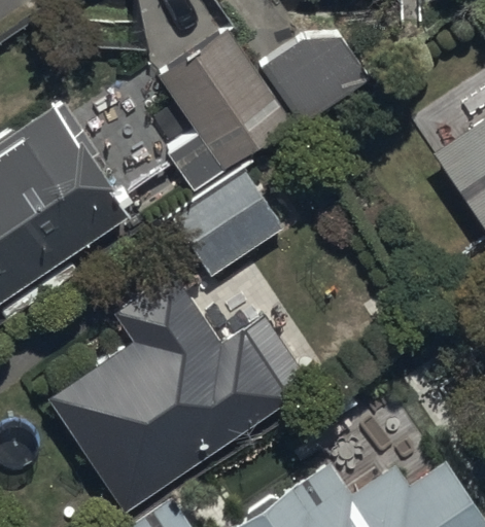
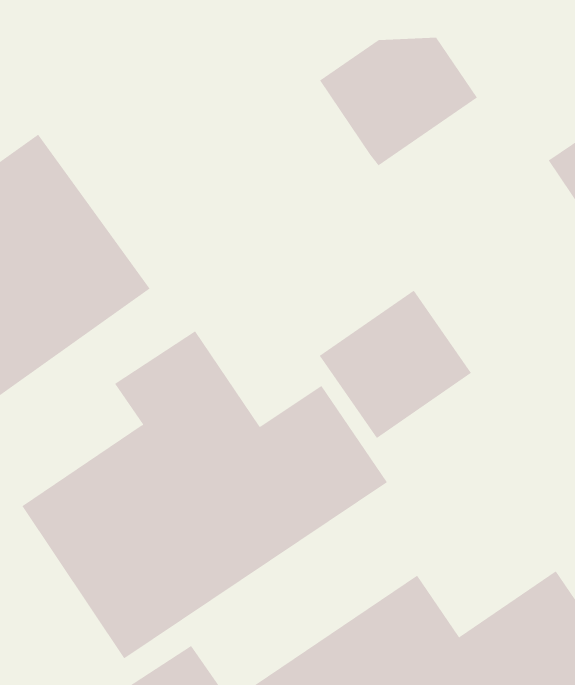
building: [164,42,288,176] -> none
building: [174,184,286,293] -> [319,290,472,439]

